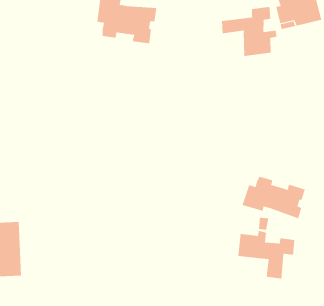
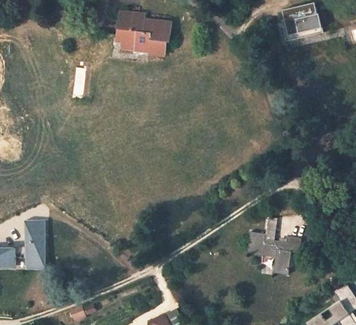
building: [222,6,277,57] -> none
building: [242,176,305,219] -> none

